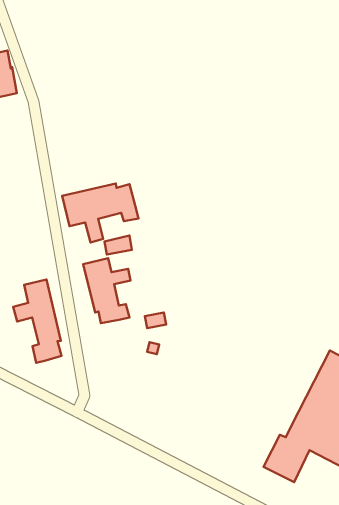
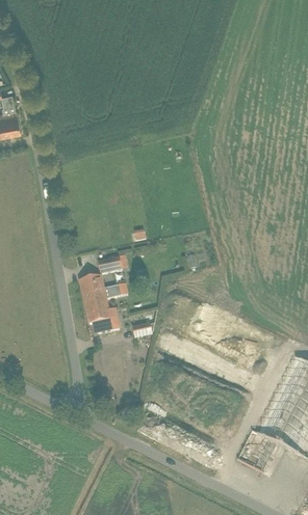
building: [62,183,138,242] -> none
building: [13,279,61,363] -> none

